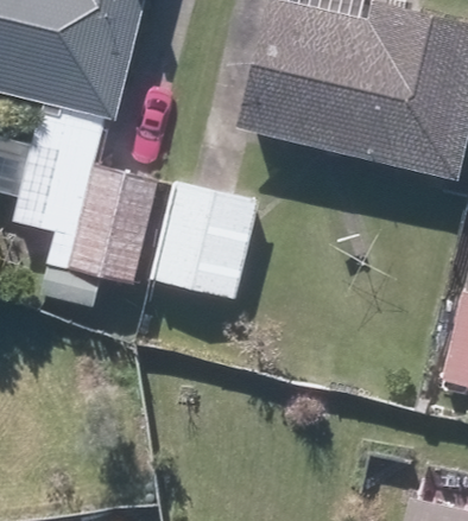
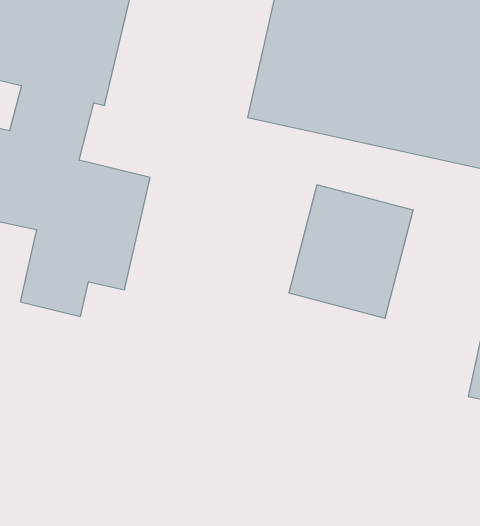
building: [148,180,259,299] -> [289,185,413,318]

